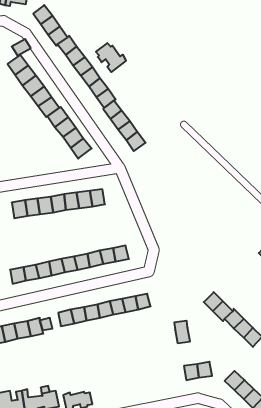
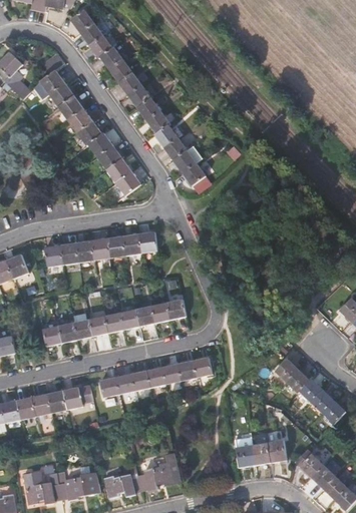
building: [96,43,126,72] -> none
building: [174,321,190,343] -> [236,437,255,464]
building: none -> [138,454,181,491]

